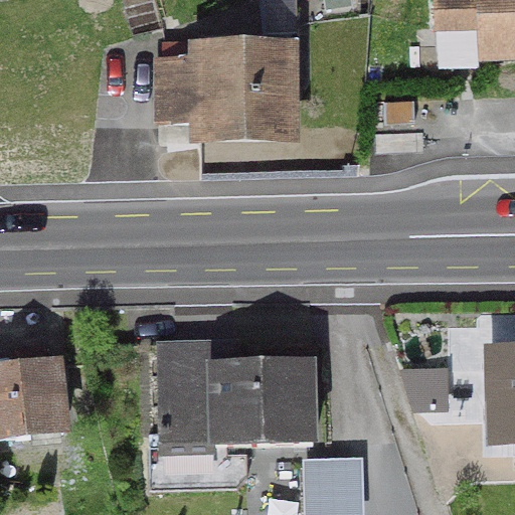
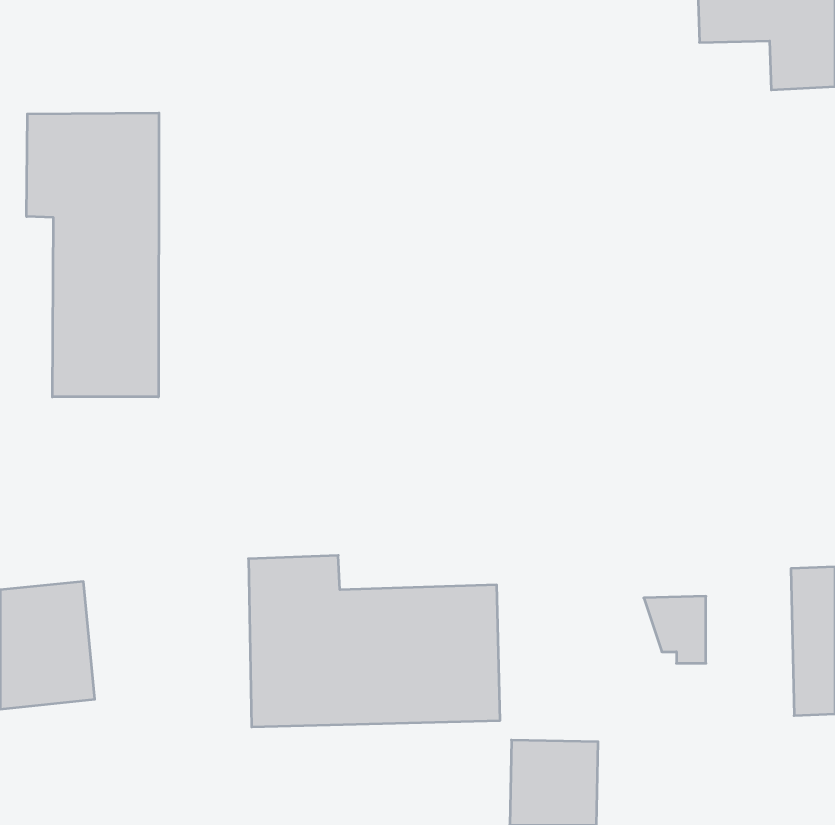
building: [154,42,284,136] -> none
building: none -> [27,113,159,397]

